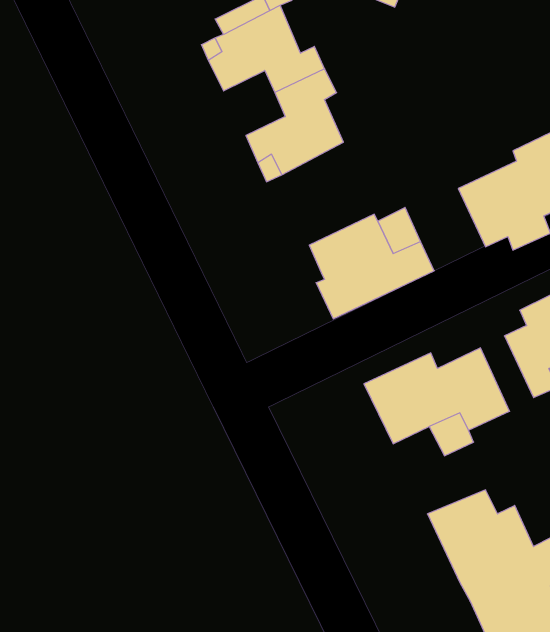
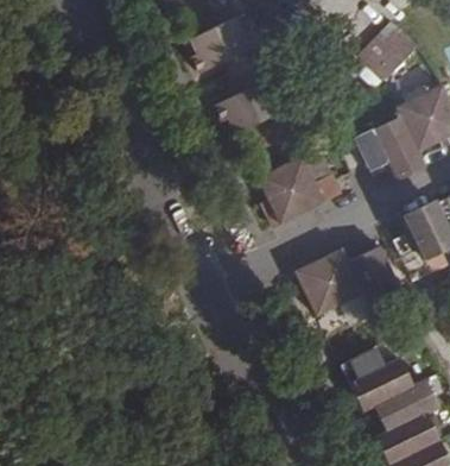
building: none -> [359,18,418,77]

